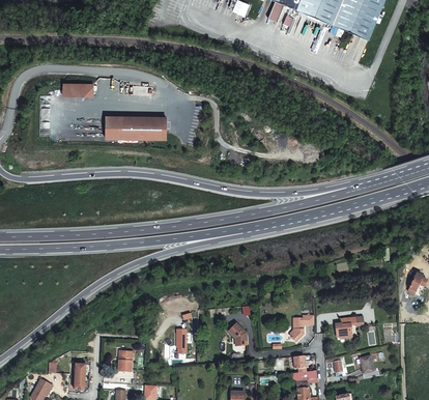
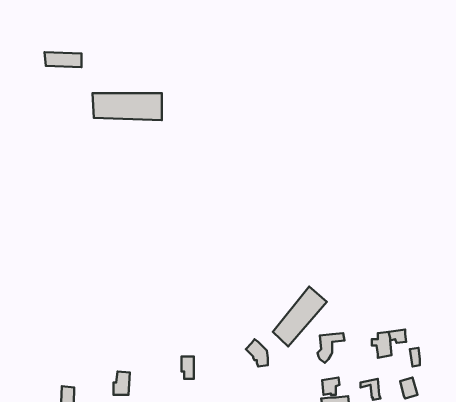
building: none -> [273,286,327,346]

